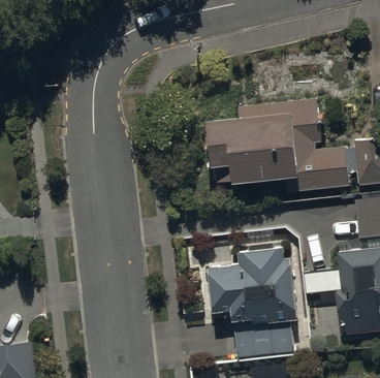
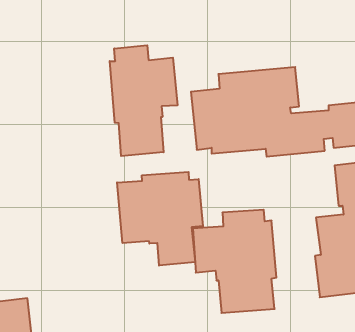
building: none -> [110,45,177,156]
building: none -> [117,172,203,266]

